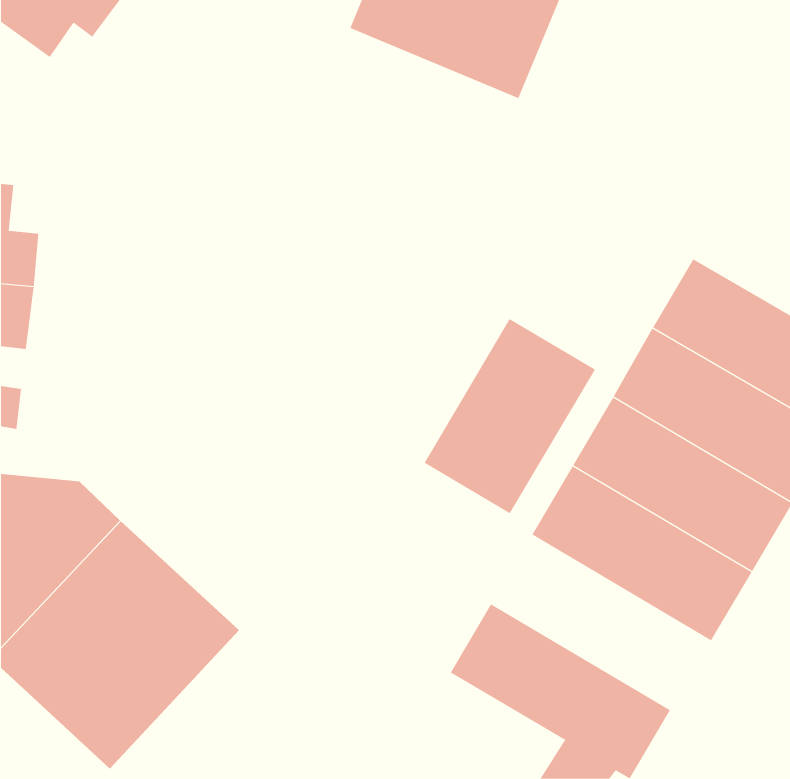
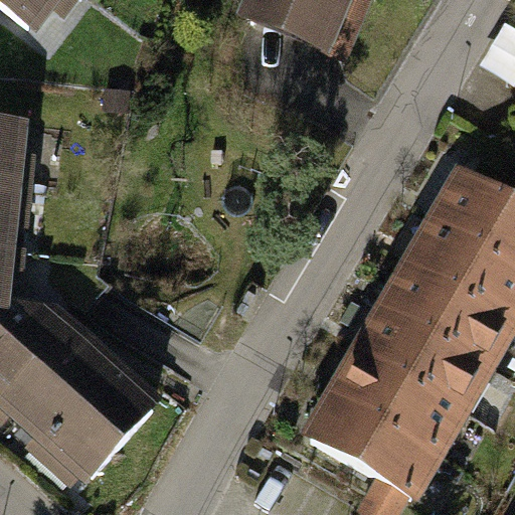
building: [424,318,596,514] -> none
building: none -> [322,343,464,456]

